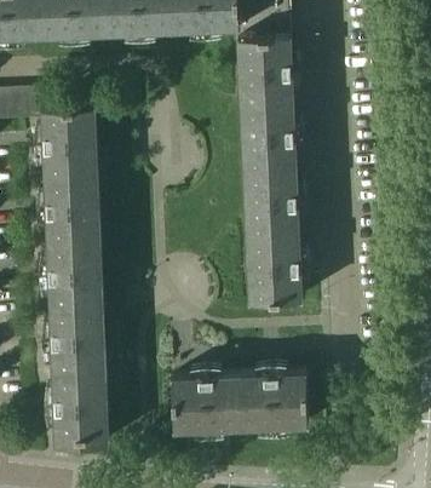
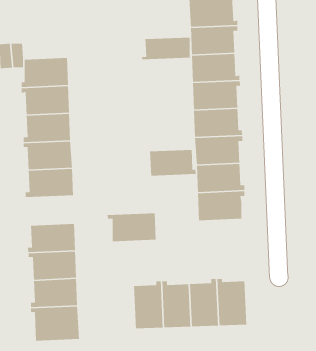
building: none -> [141,37,191,60]
building: none -> [149,149,197,176]
building: [42,270,102,305] -> [107,213,157,242]

